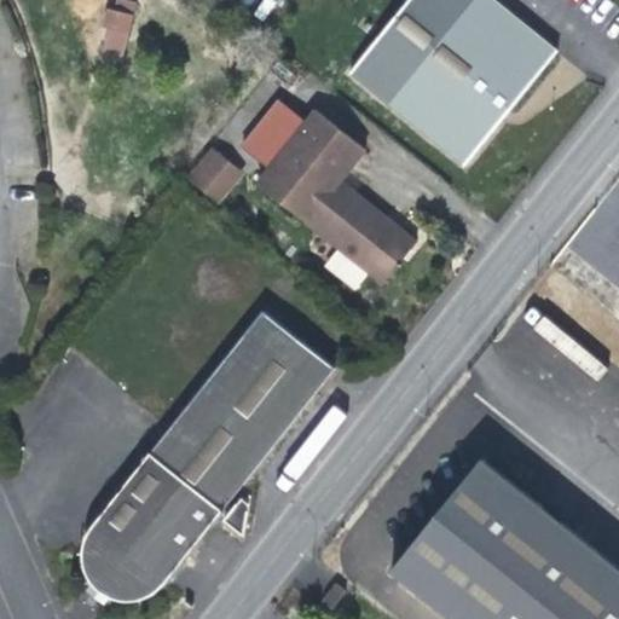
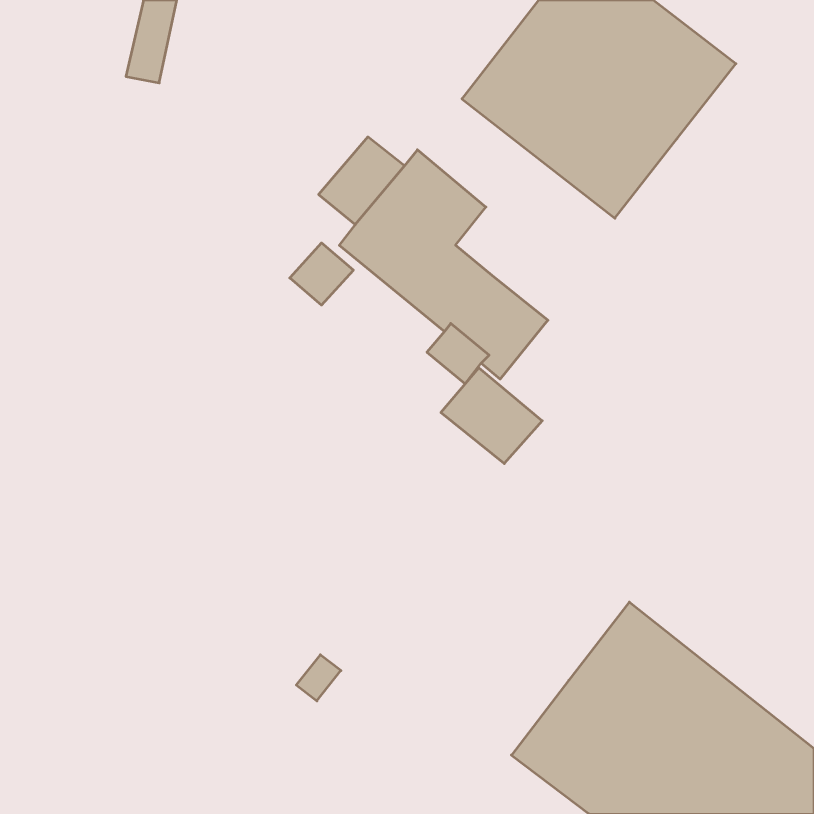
building: [192,155,241,202] -> [290,243,353,305]
building: none -> [441,368,542,464]
building: [86,302,340,590] -> none

